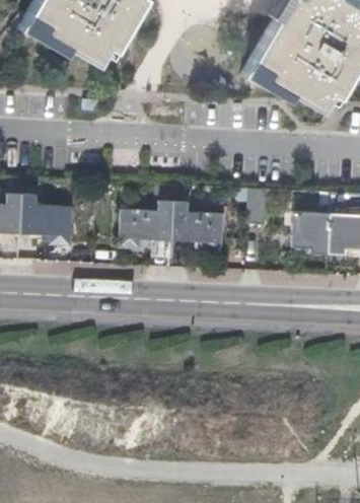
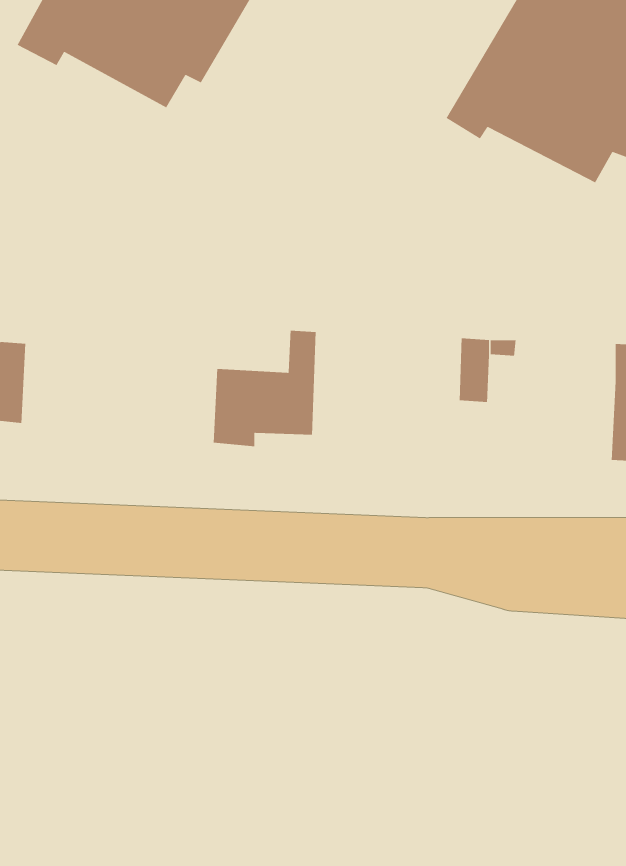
building: [172,186,226,250] -> none
building: [19,192,74,243] -> none
building: [293,211,332,254] -> none

